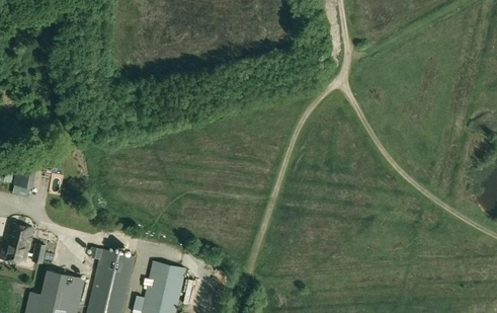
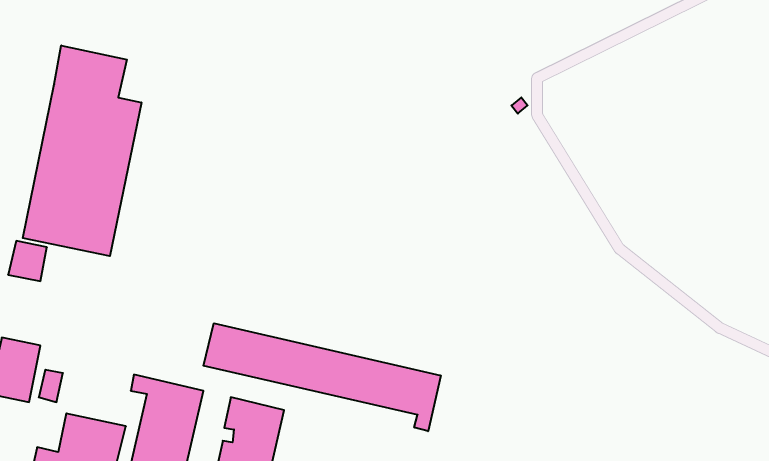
building: none -> [23,45,141,256]
building: none -> [203,323,441,431]

